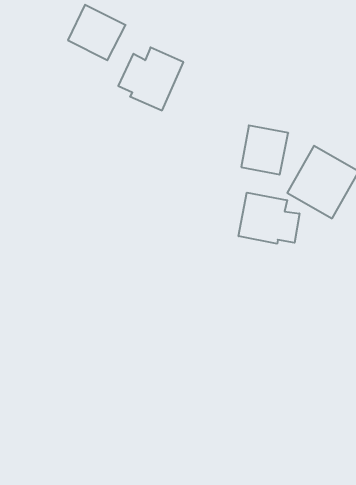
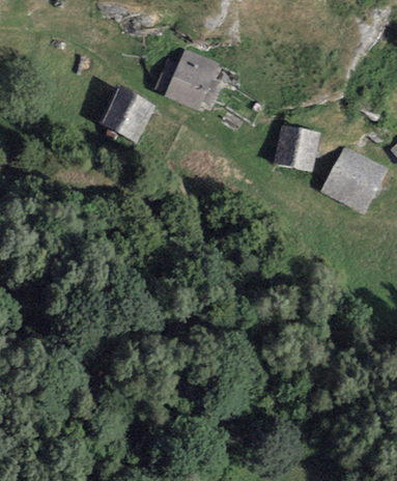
building: [68,5,126,60] -> [97,87,153,141]
building: [239,193,299,244] -> none

